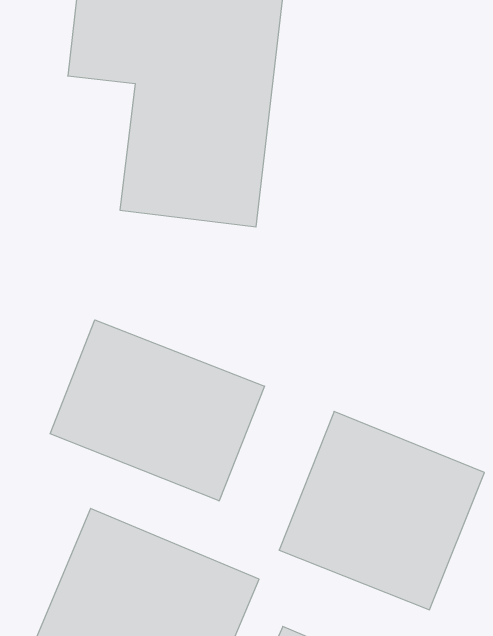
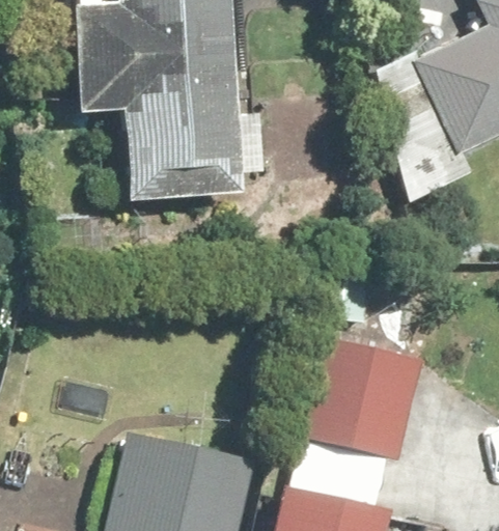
building: [50,320,265,501] -> none

